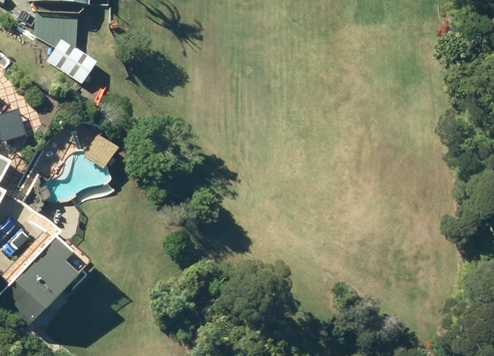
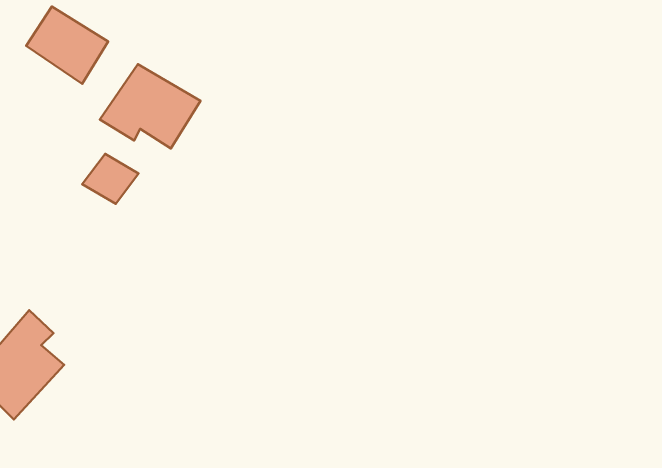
building: none -> [100,64,201,149]

